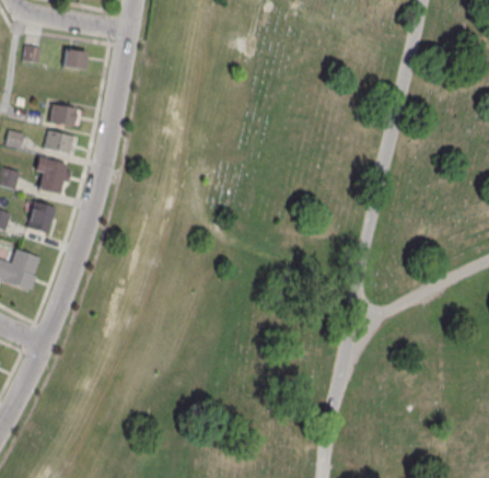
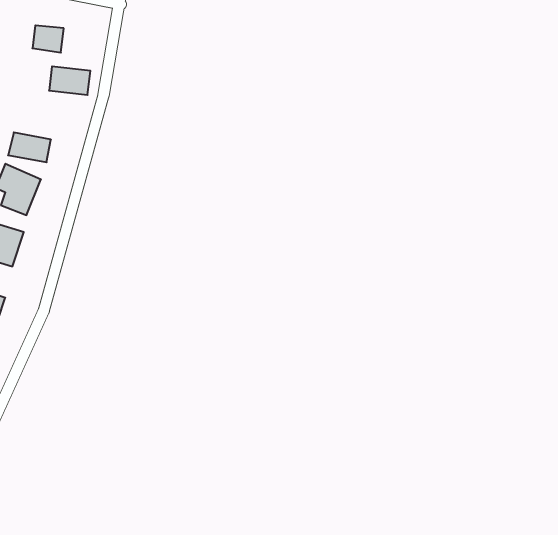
building: [49,104,81,126] -> [49,66,90,95]

